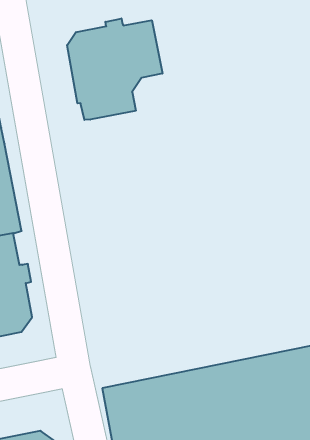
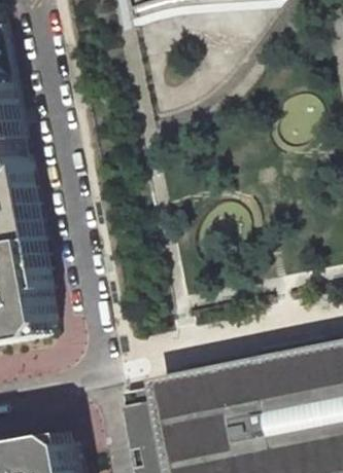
building: [67,18,162,120] -> none

